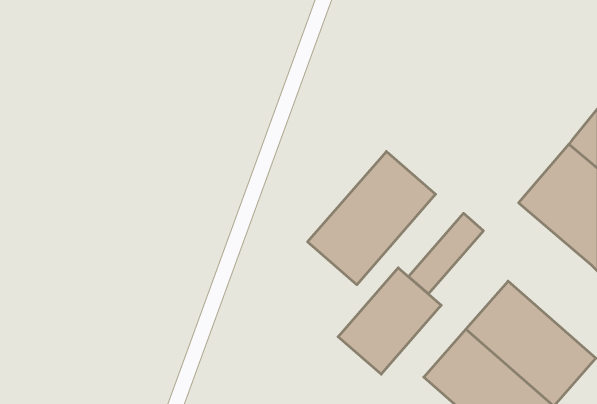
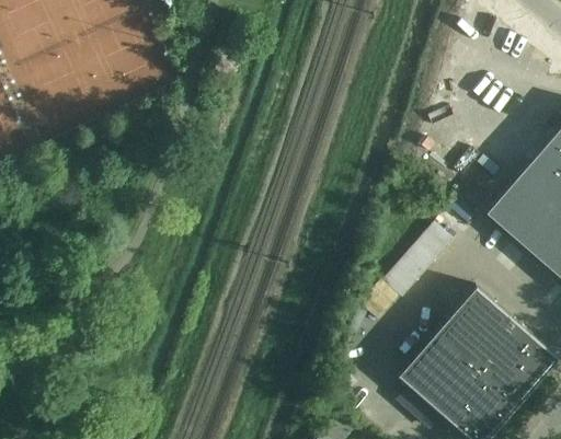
building: [308,151,436,285] -> none
building: [338,268,441,374] -> none

